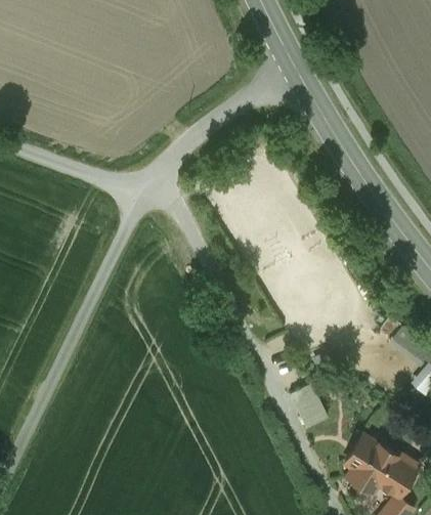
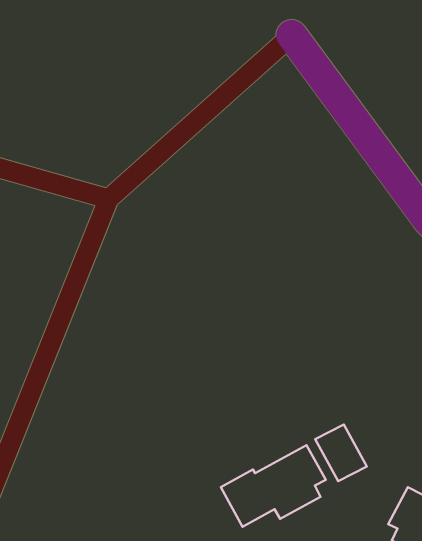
building: none -> [221,445,326,527]

